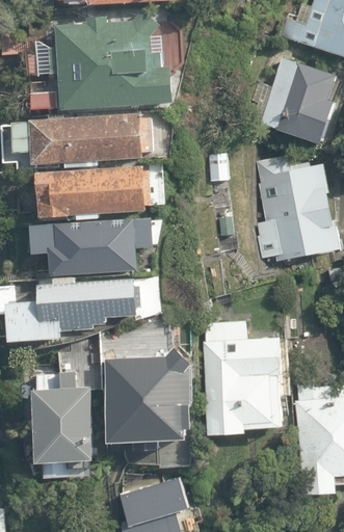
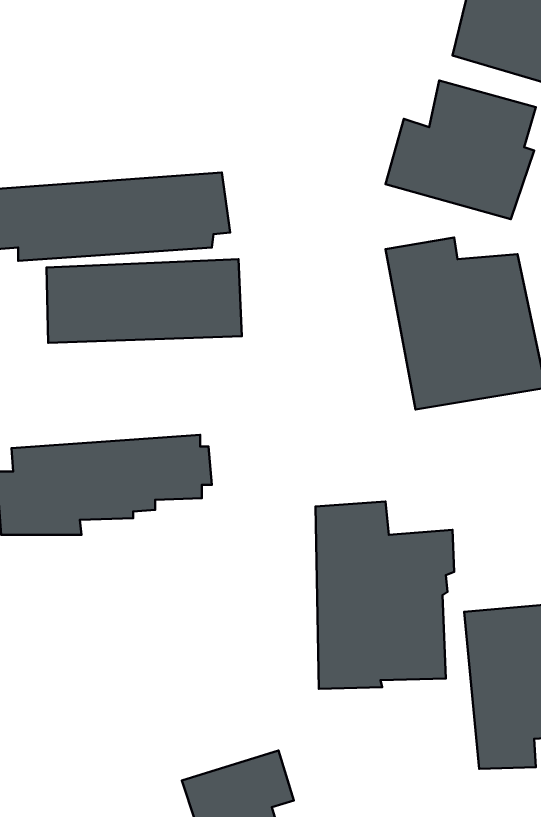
building: [52,14,170,114] -> none
building: [29,217,152,273] -> none
building: [101,347,192,448] -> none
building: [26,374,91,468] -> none

